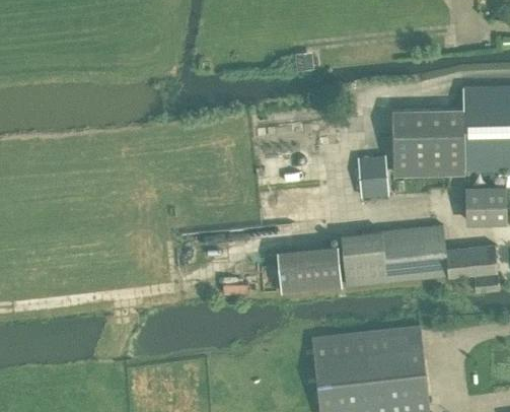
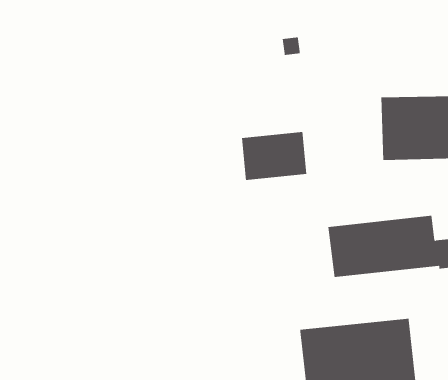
building: [358,158,388,198] -> none
building: [277,246,342,293] -> [241,132,307,180]

